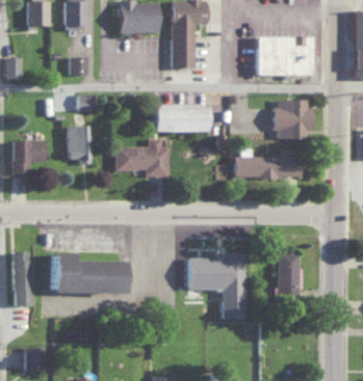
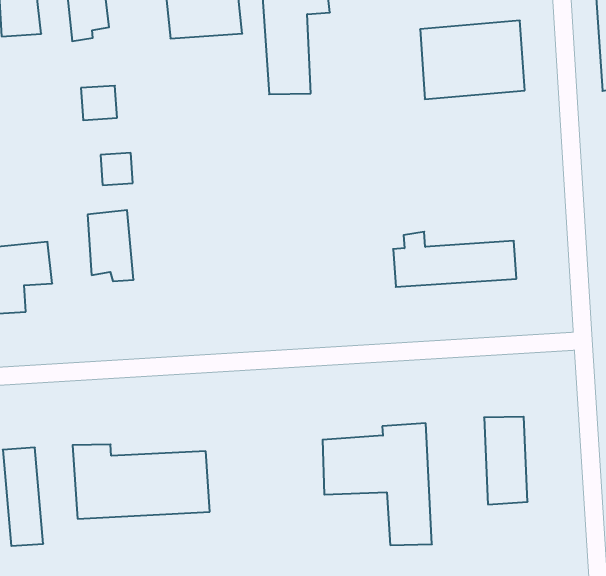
building: [274,100,313,139] -> none
building: [154,104,208,132] -> none
building: [114,138,168,176] -> none

